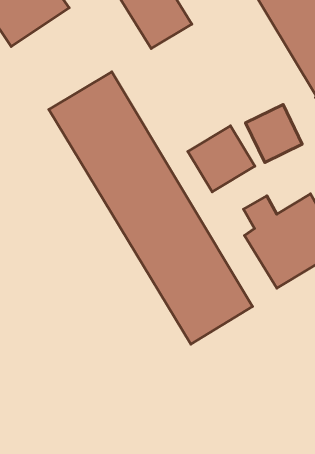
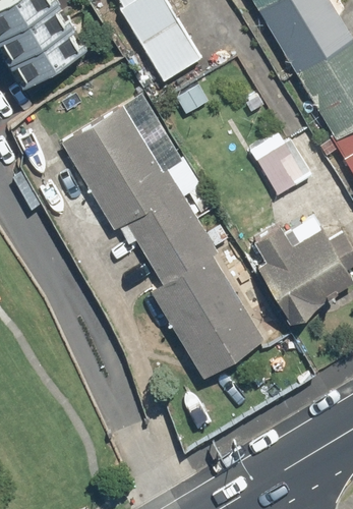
building: [188,126,255,192] -> none

